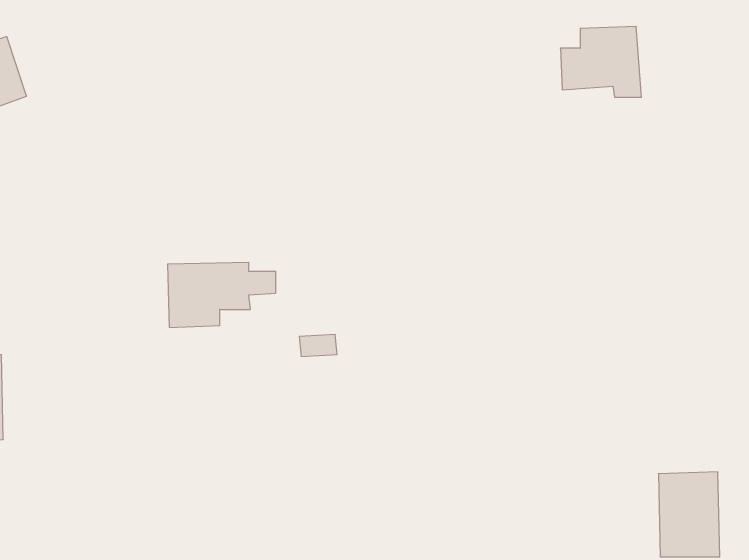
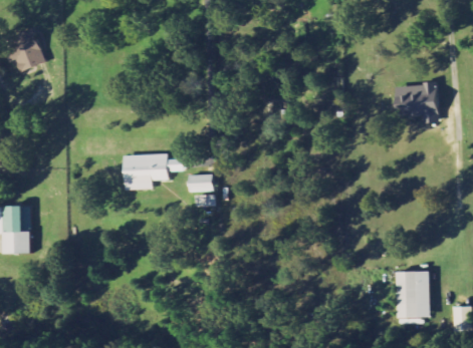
building: [560,27,642,97] -> [394,83,439,122]
building: none -> [189,175,214,192]

